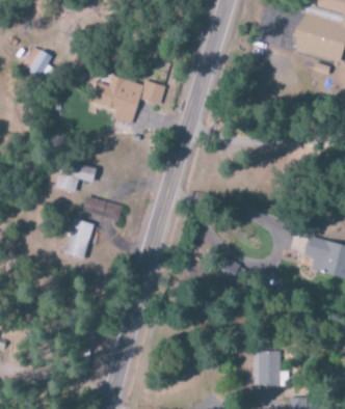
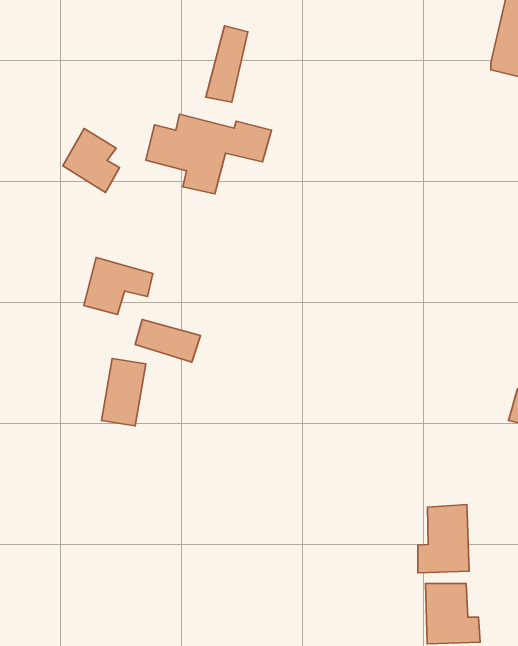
building: none -> [206,26,248,102]
building: [21,45,54,82] -> [63,129,120,192]
building: none -> [418,504,469,573]

